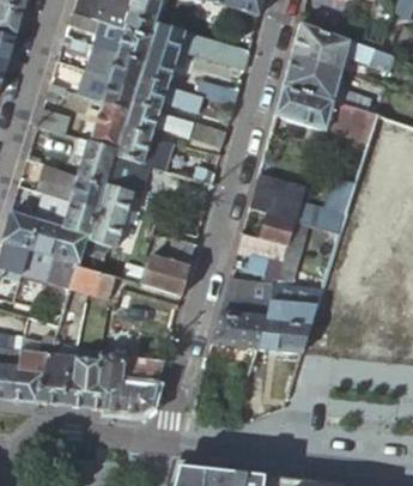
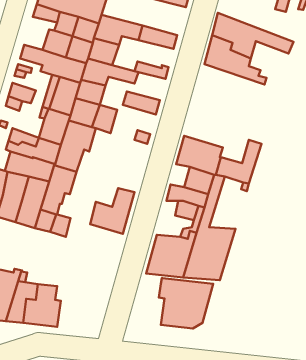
building: [274,84,373,140] -> none
building: [98,351,165,413] -> [159,278,213,329]

